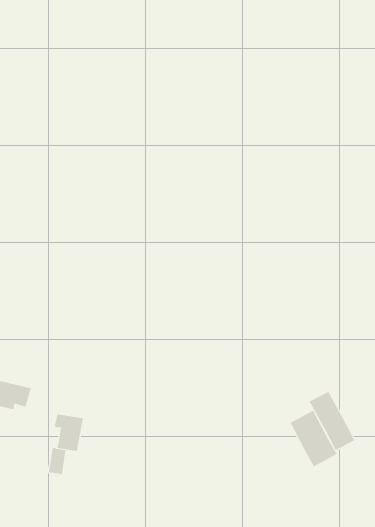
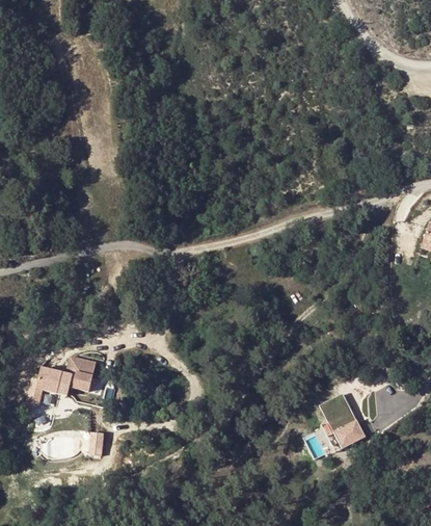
building: [309,391,355,451] -> none
building: [54,414,84,452] -> [65,356,95,392]

